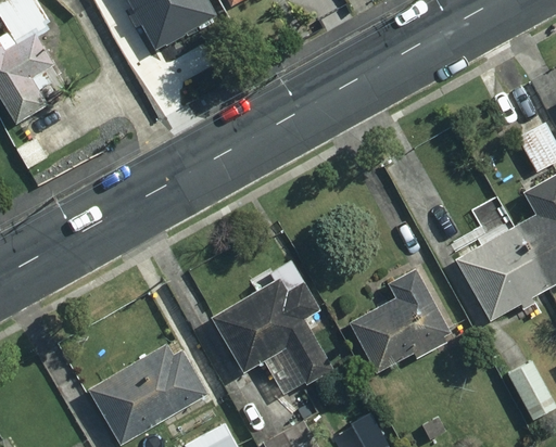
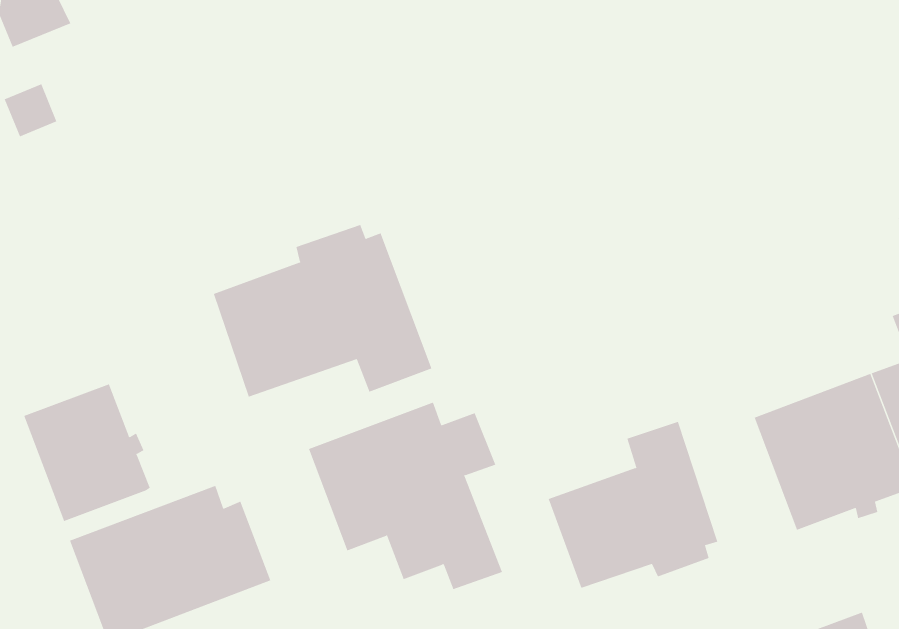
building: none -> [213,224,432,398]
building: none -> [24,383,150,522]

